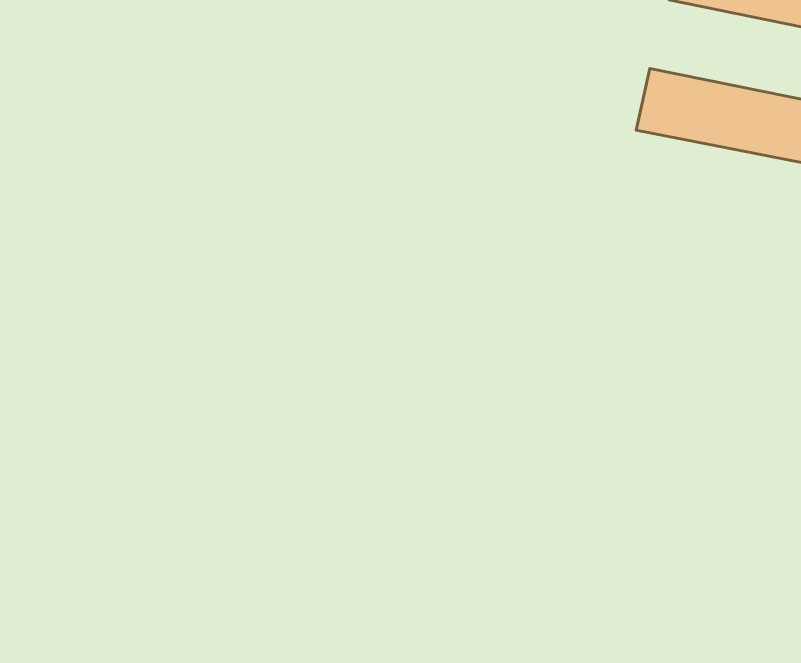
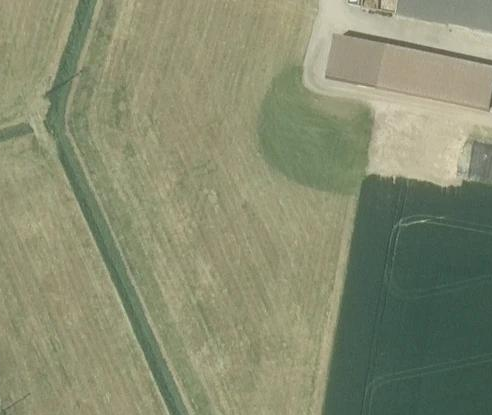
building: none -> [325,39,384,86]

